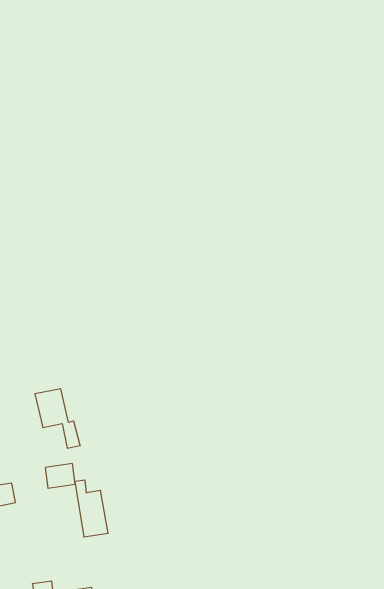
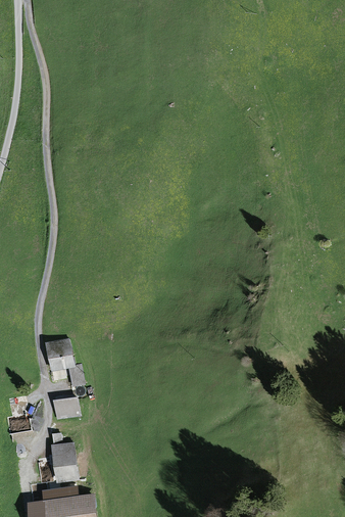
building: [75,480,108,537] -> [50,435,77,480]

